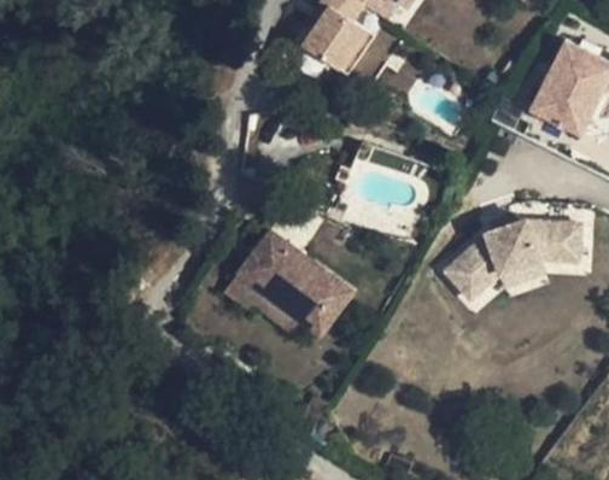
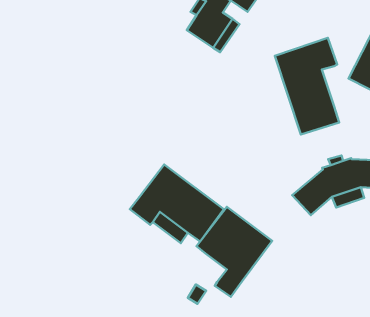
building: none -> [275,38,339,134]
building: none -> [197,207,272,297]

